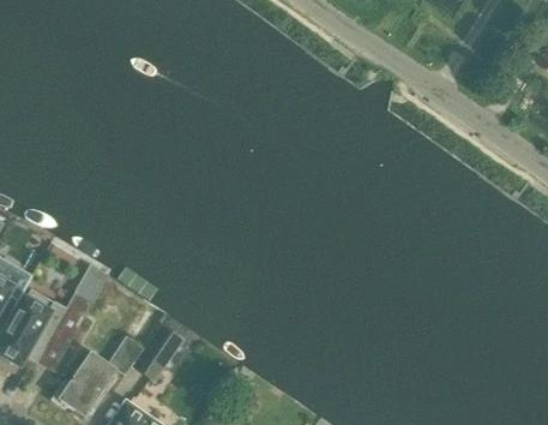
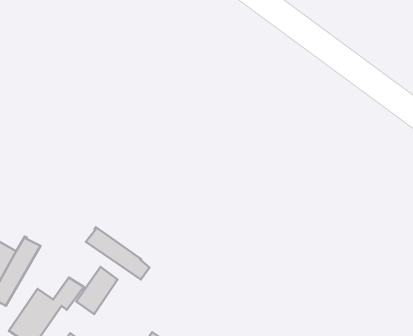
building: none -> [86,227,150,279]

